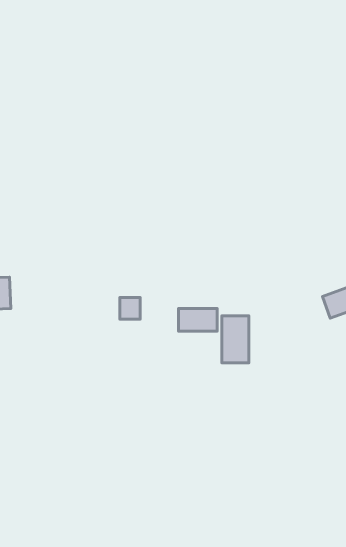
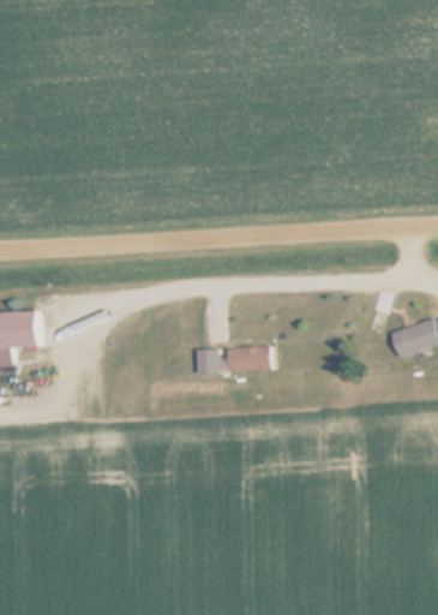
building: [120,298,140,319] -> [194,350,217,374]
building: [222,316,249,363] -> none

